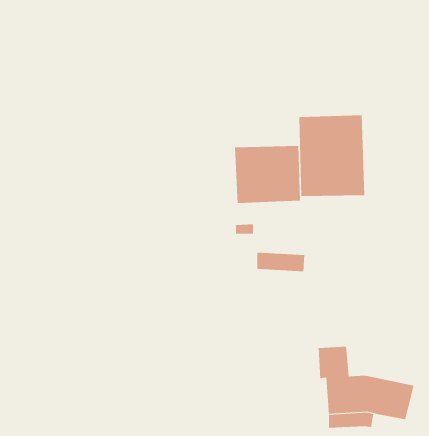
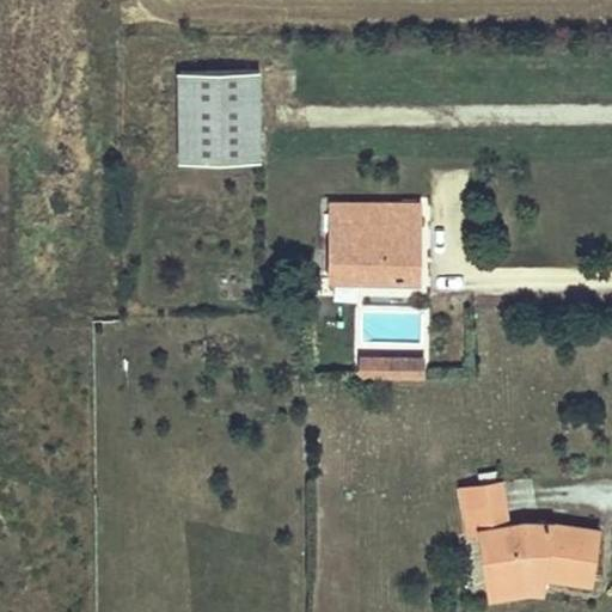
building: none -> [178,68,262,159]
building: [299,115,365,197] -> none

